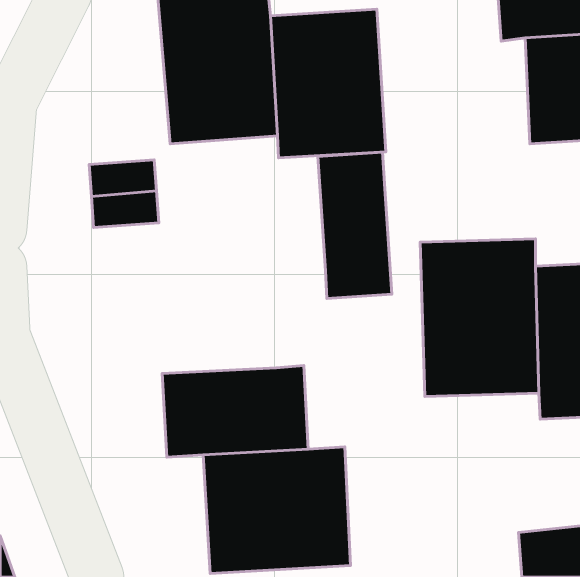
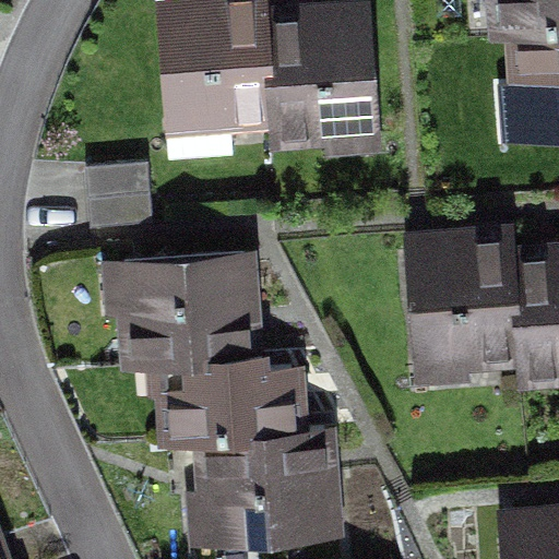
building: [318,152,392,298] -> none
building: none -> [107,254,267,357]

